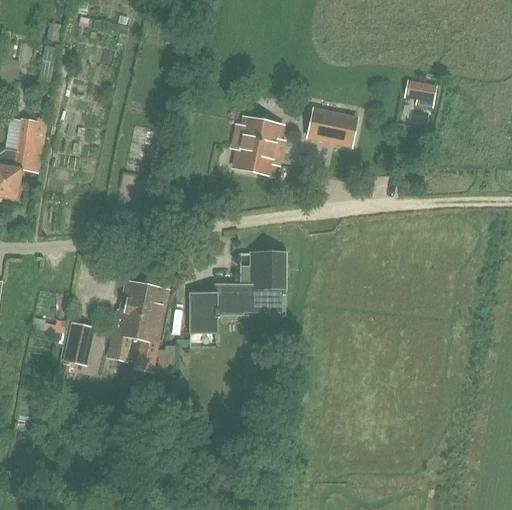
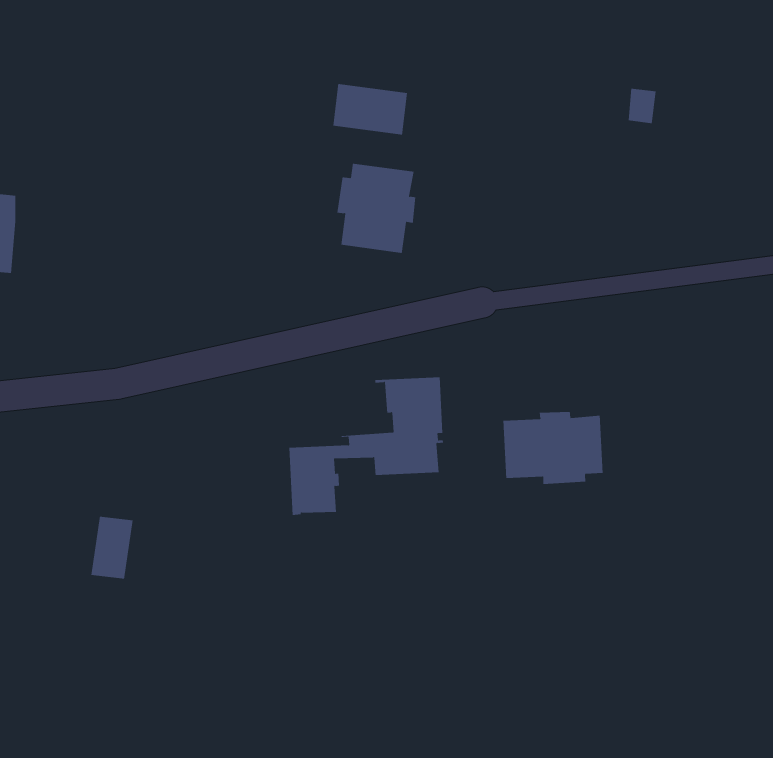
building: [308,110,356,145] -> [332,83,408,135]
building: none -> [503,411,603,485]
building: [110,282,166,365] -> none

